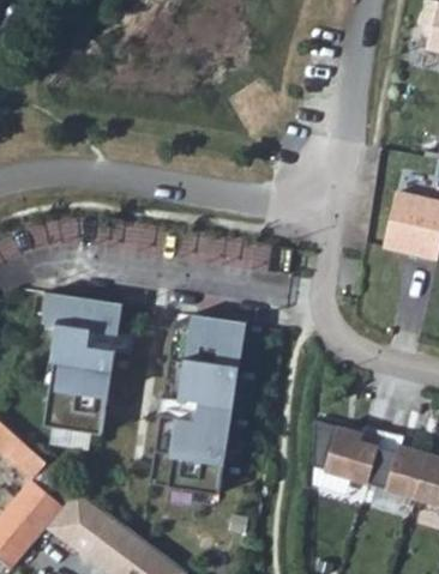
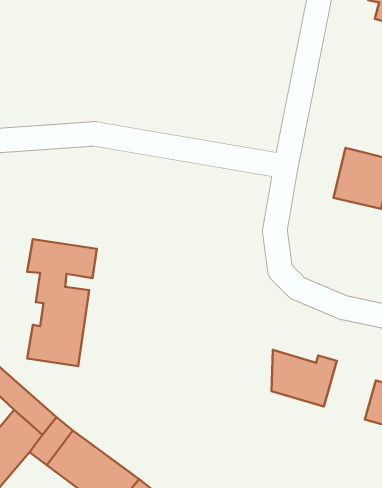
building: [150,320,243,496] -> none
building: [373,429,431,494] -> none

